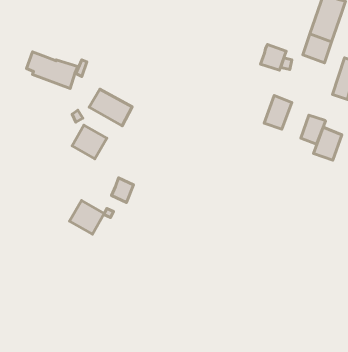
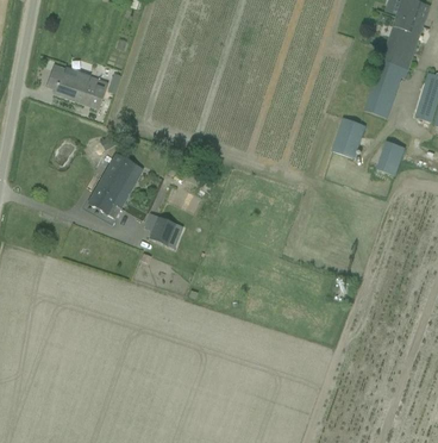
building: [261,44,286,70] -> [364,86,395,117]
building: [89,89,132,126] -> none
building: [313,127,342,160] -> none
building: [70,200,104,234] -> [87,177,129,218]

